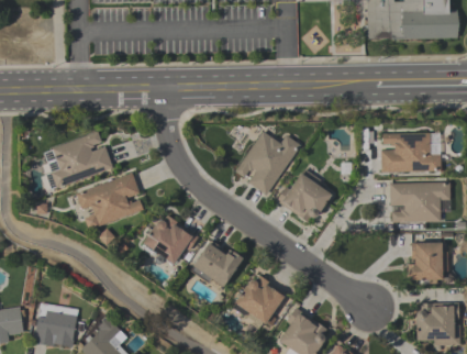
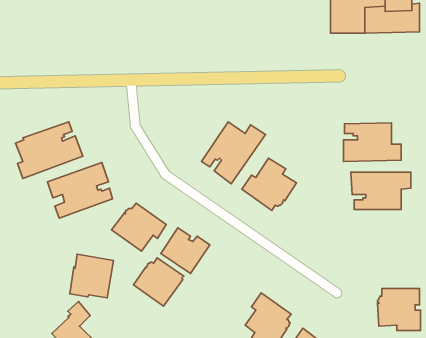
building: [407,242,447,279] -> none
building: [234,275,286,324] -> [134,258,184,306]
building: [33,301,78,346] -> [70,254,114,298]

